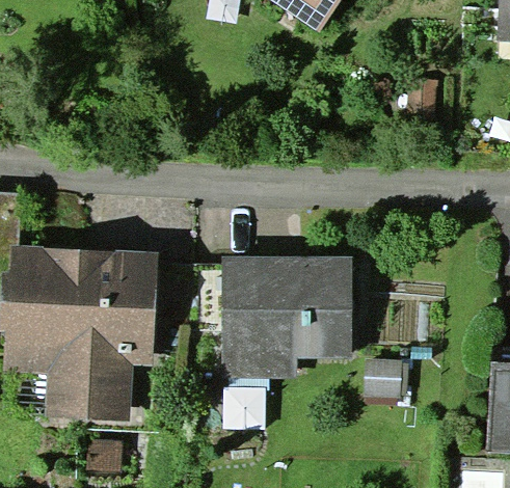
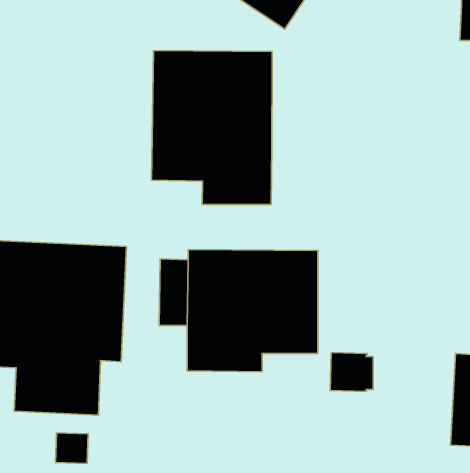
building: none -> [152,50,272,204]

